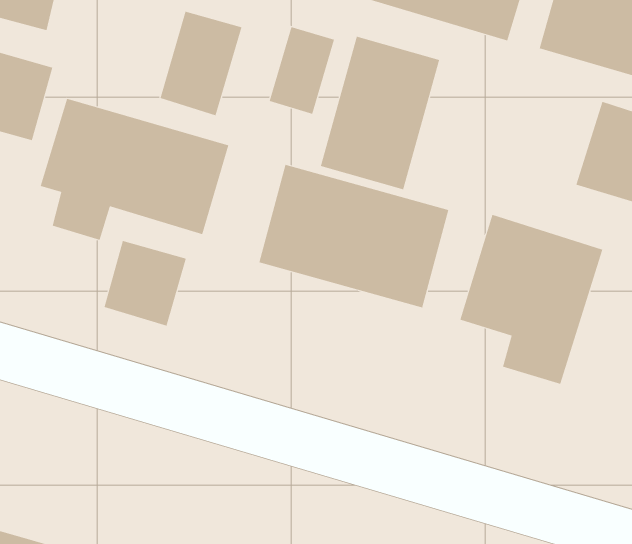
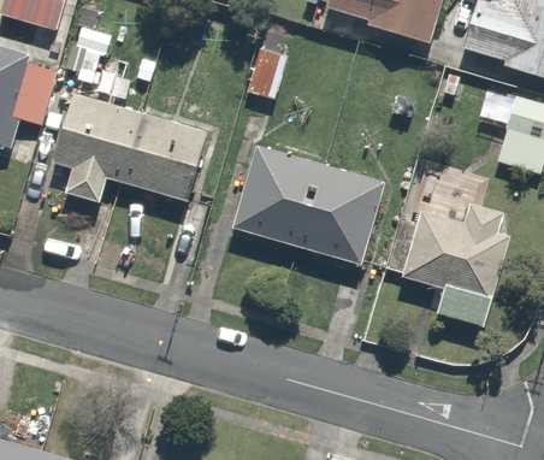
building: [160,11,242,116] -> none
building: [320,36,440,190] -> none
building: [104,240,186,326] -> none

